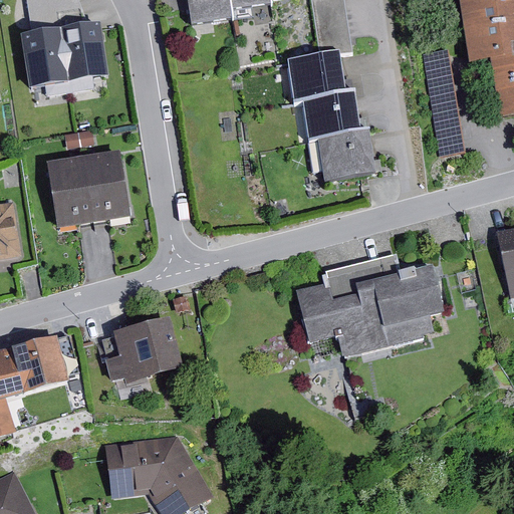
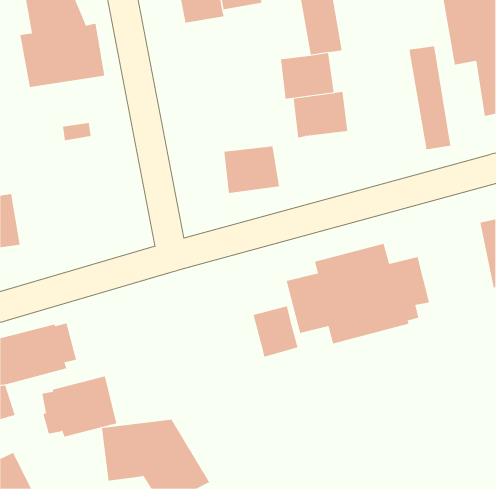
building: [316,135,374,184] -> [223,146,280,193]
building: [46,151,131,229] -> none
building: none -> [253,306,298,358]
building: [103,320,182,383] -> [41,376,117,437]

